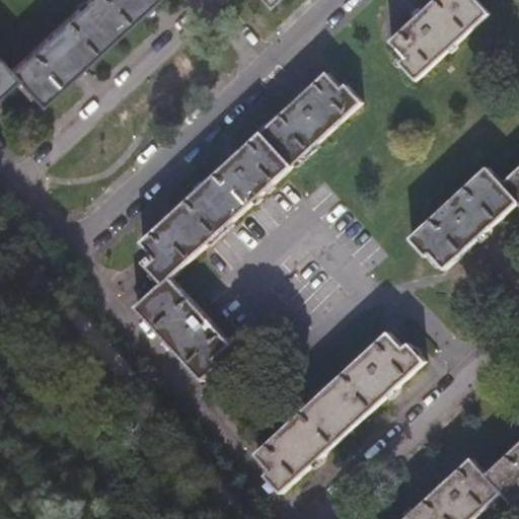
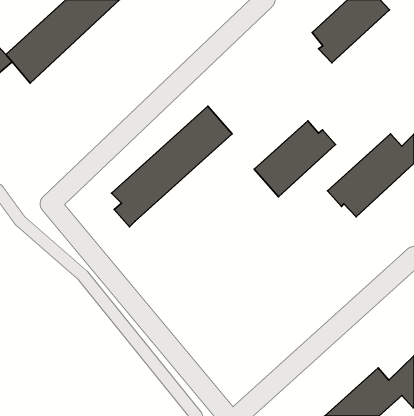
building: [258,72,360,166] -> [254,121,336,197]
building: [135,275,229,378] -> none
building: [255,332,424,493] -> none

